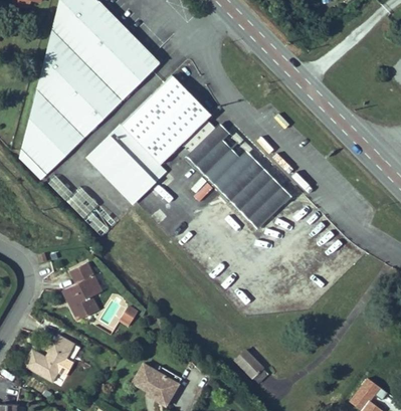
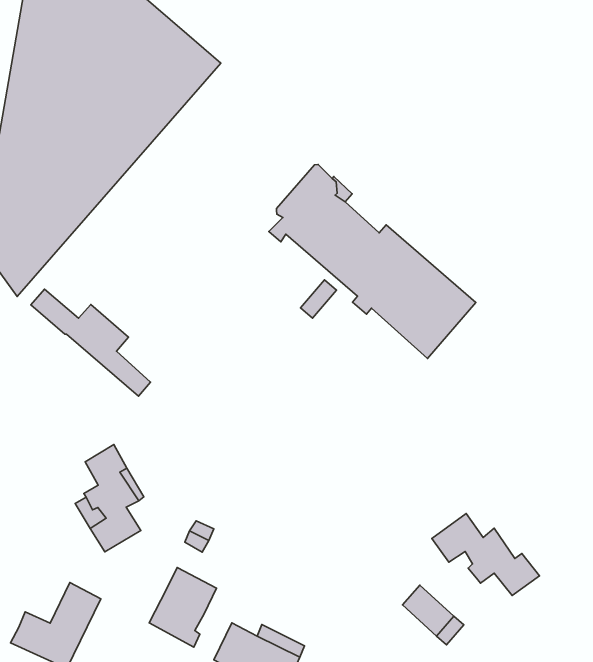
building: [88,74,212,203] -> none
building: none -> [432,514,540,596]
building: none -> [149,567,217,647]

